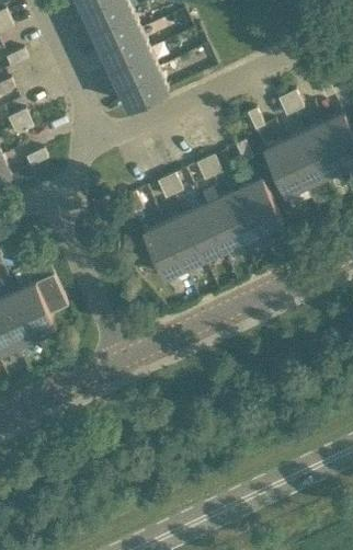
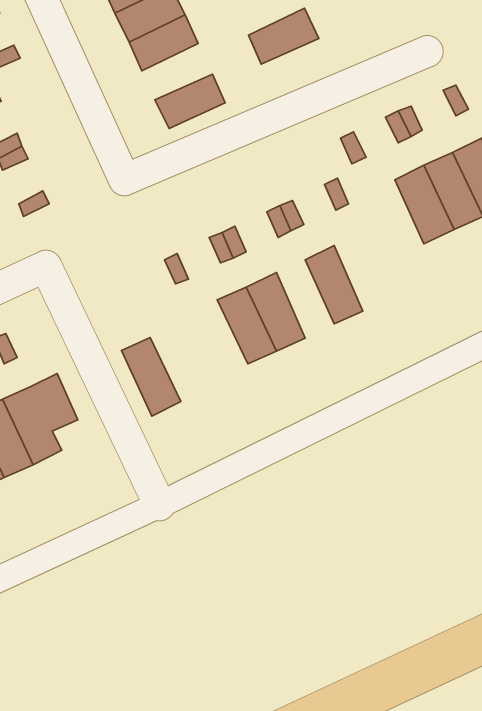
building: [110,49,158,88] -> [248,8,319,64]
building: [262,142,303,195] -> none
building: [241,179,282,232] -> none
building: [202,197,241,251] -> none
building: [141,225,182,278] -> [121,338,181,416]

